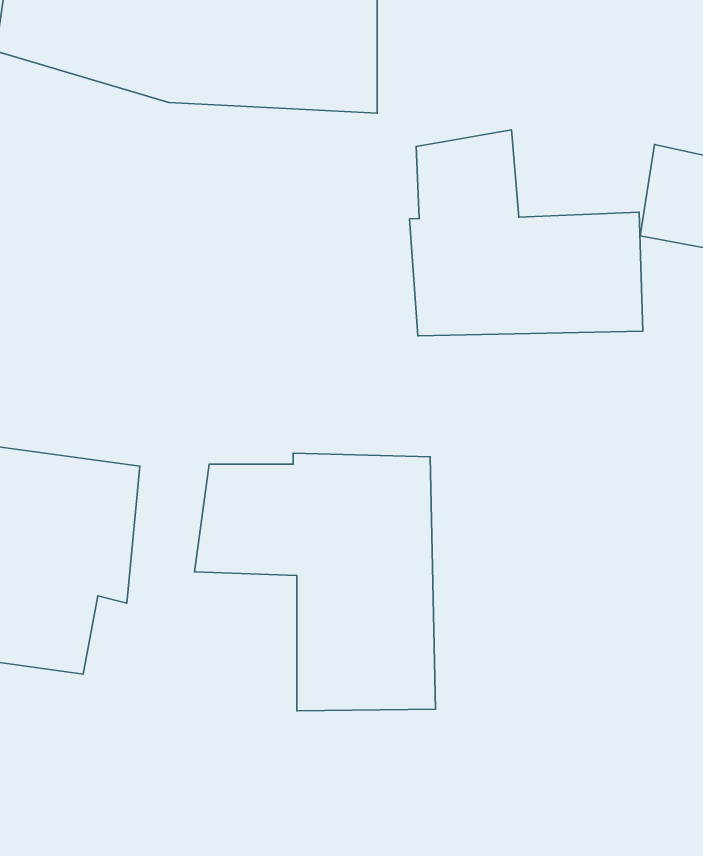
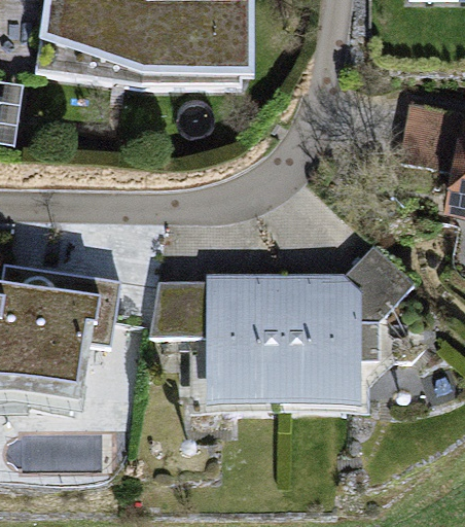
building: [409,130,643,336] -> none
building: none -> [282,241,414,417]

